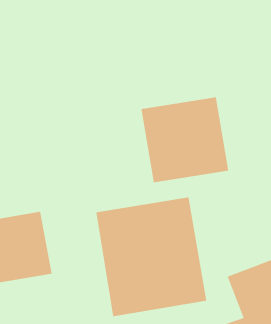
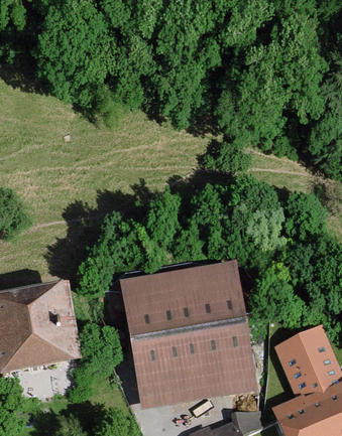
building: [141,97,229,183] -> none

